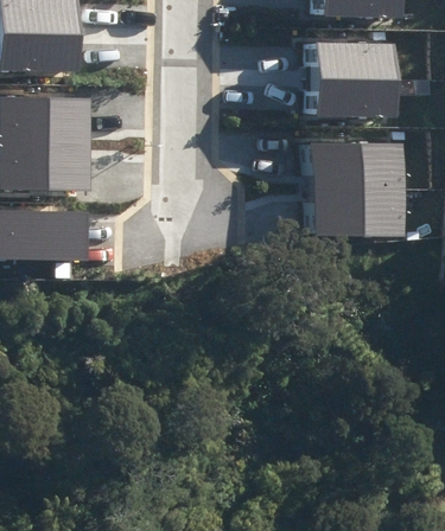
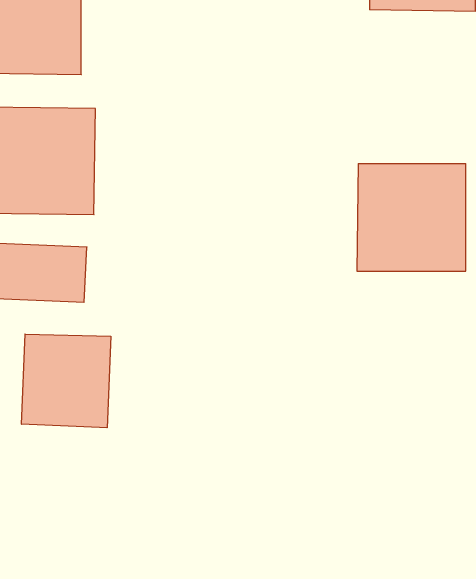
building: [311,43,402,116] -> none
building: none -> [22,334,111,428]

